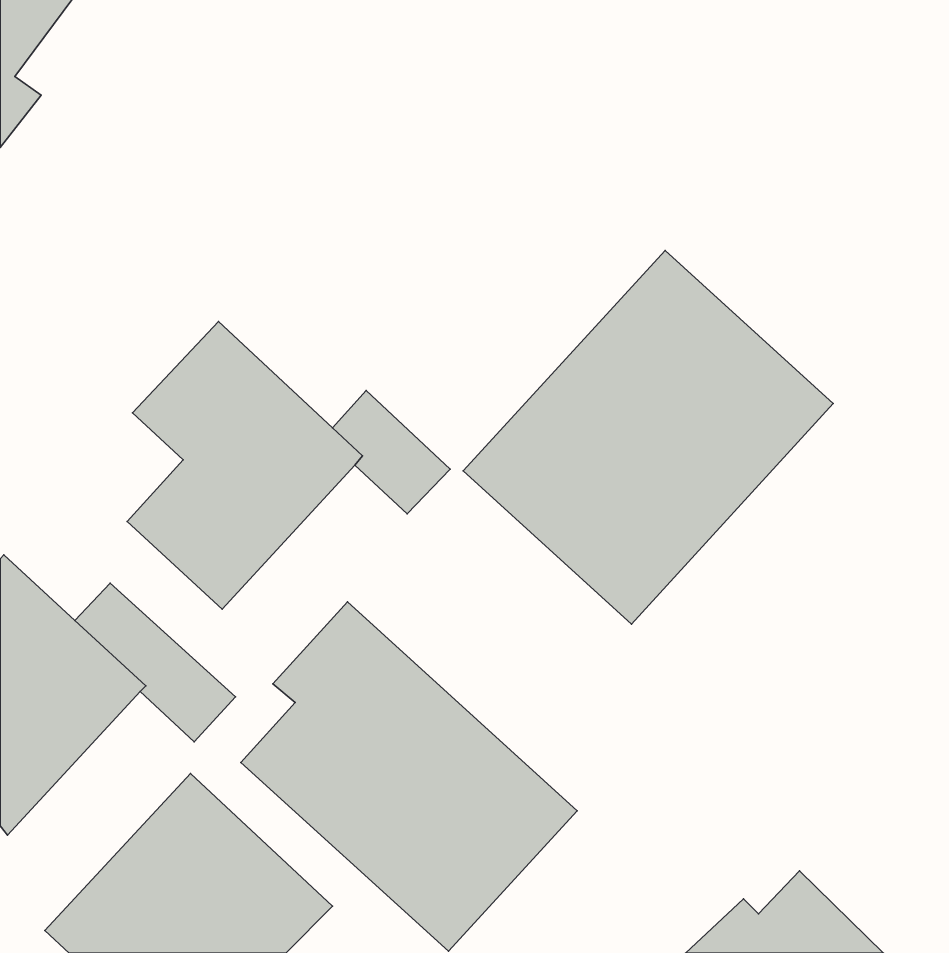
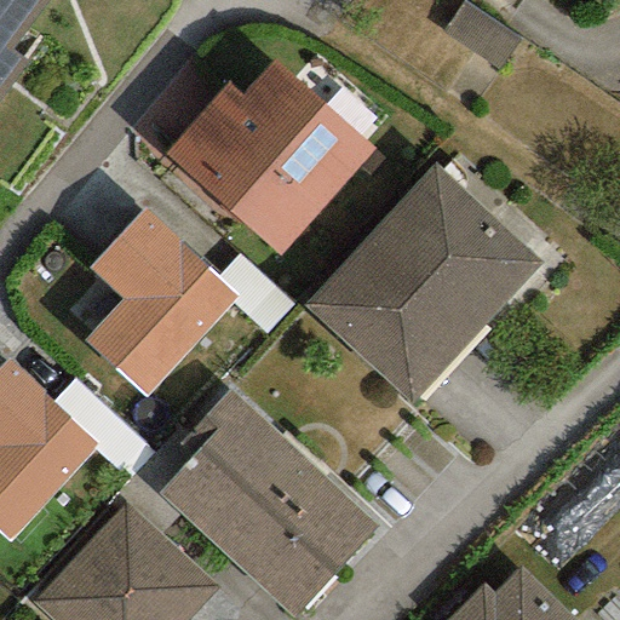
building: none -> [165,58,377,256]

